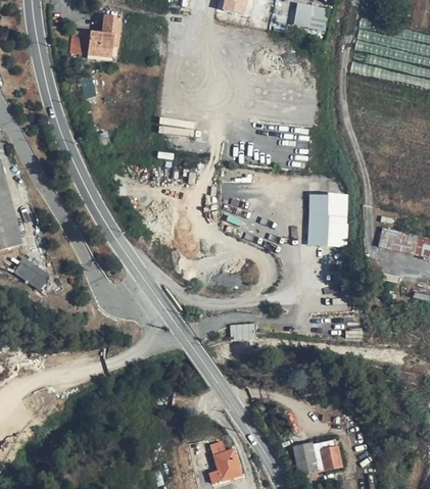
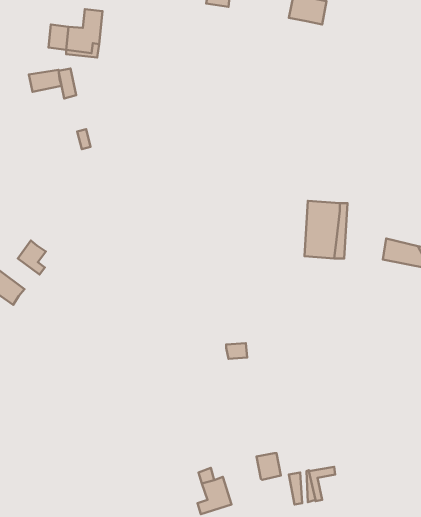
building: none -> [29,70,61,92]
building: none -> [18,241,46,275]
building: [321,446,343,471] -> [257,453,281,480]

